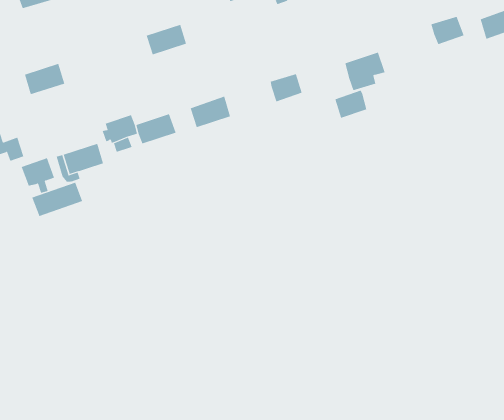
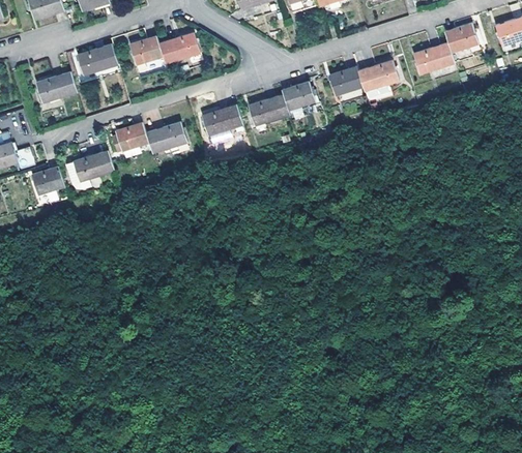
building: none -> [127,35,162,64]
building: none -> [414,41,456,73]
building: none -> [76,42,117,74]
building: none -> [249,94,290,126]
building: [334,90,367,119] -> [329,66,363,95]
building: [32,182,83,217] -> none

